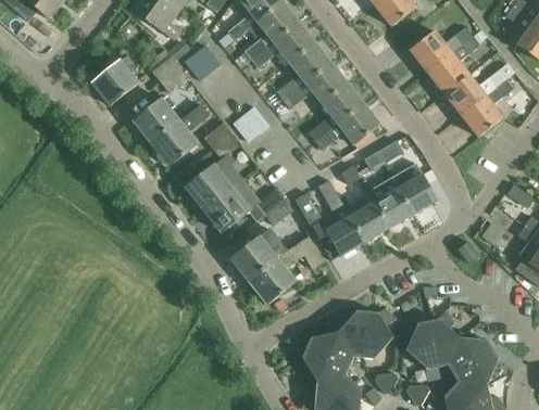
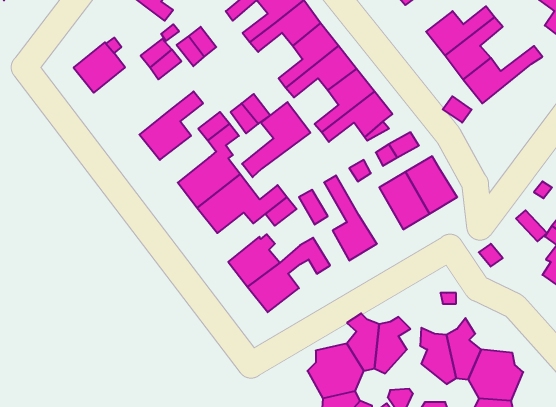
building: [461,79,513,137] -> none
building: [131,95,178,143] -> none
building: none -> [242,102,310,177]
building: [349,191,389,242] -> none

